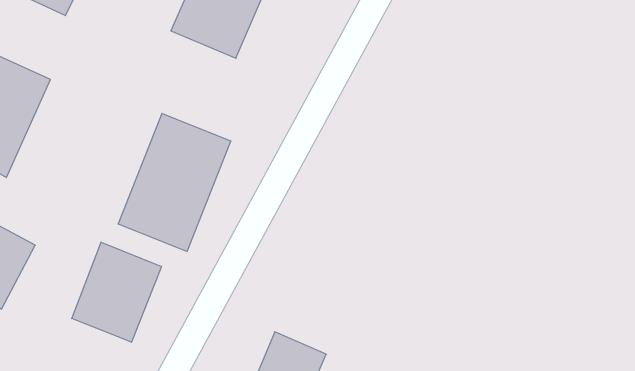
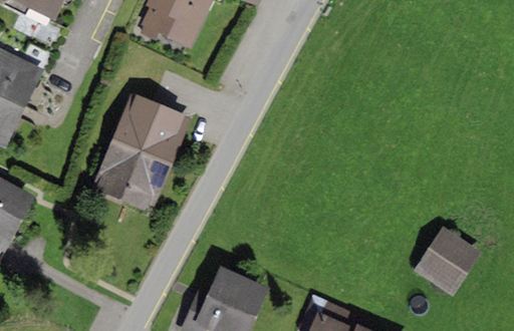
building: [72,242,161,342] -> none
building: none -> [420,231,474,288]

